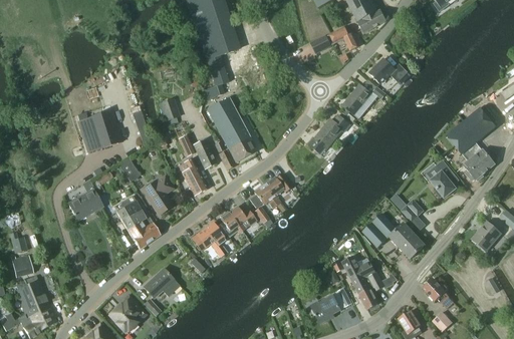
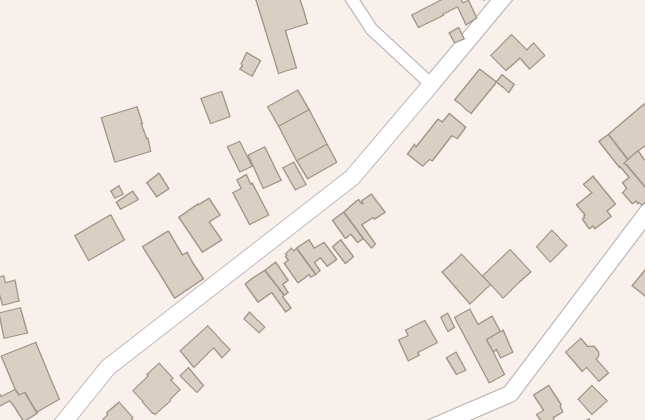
building: [390,223,425,259] -> [442,254,491,304]
building: [313,294,341,323] -> [399,320,437,361]

